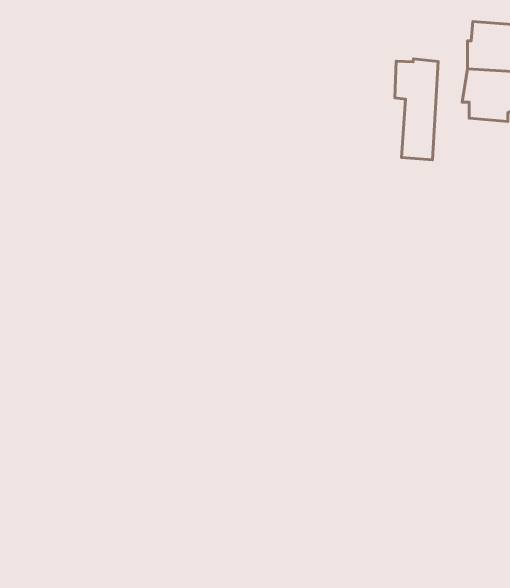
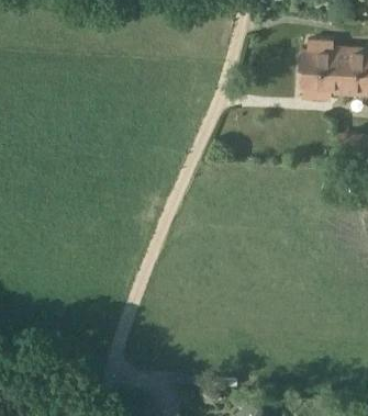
building: [395,59,438,160] -> none

